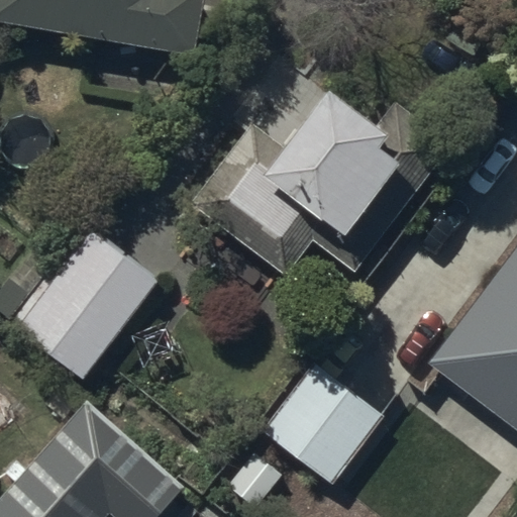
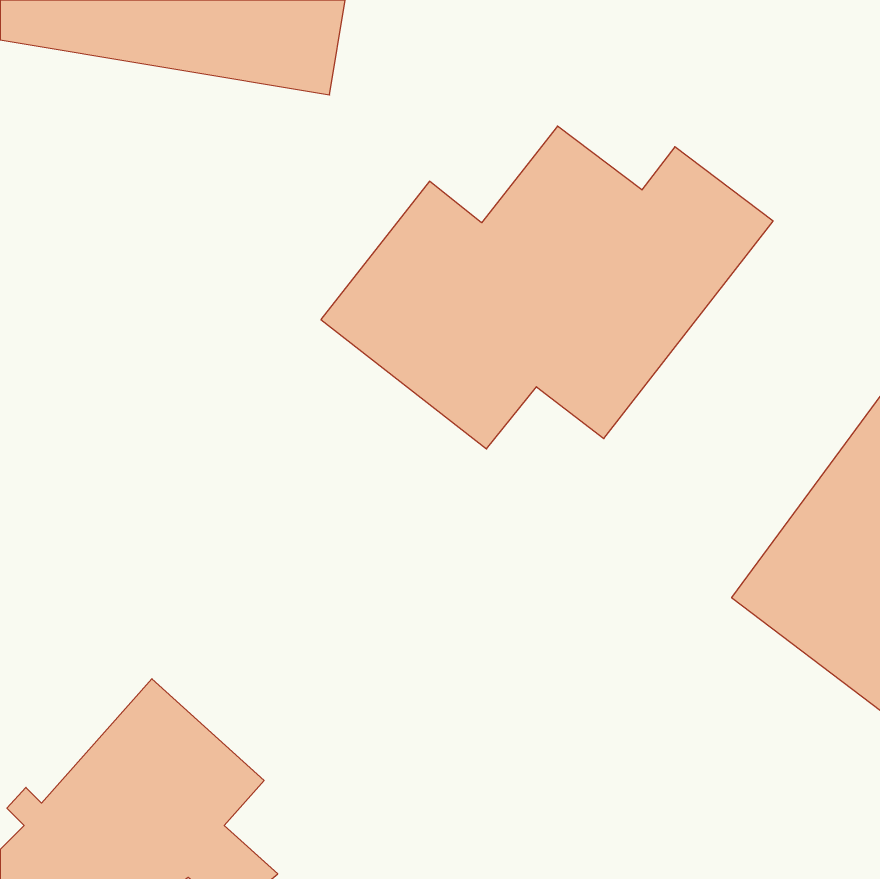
building: [15,230,160,382] -> none
building: [260,366,385,488] -> none

